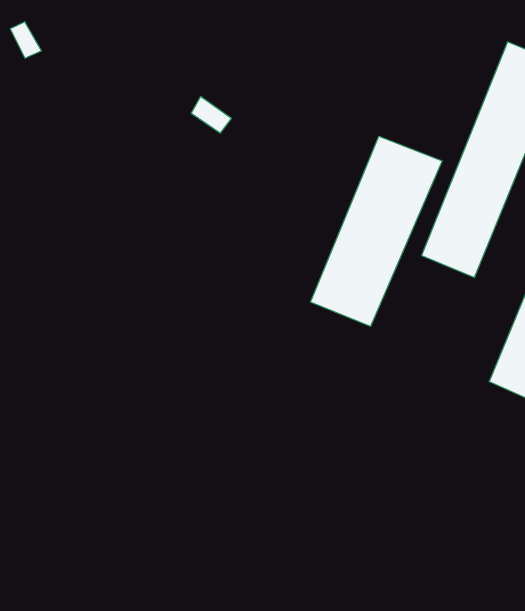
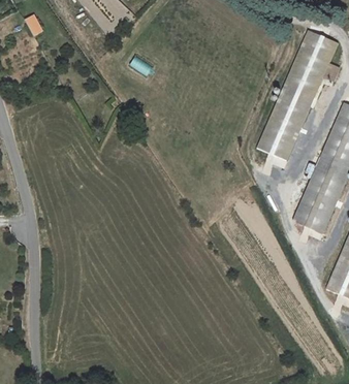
building: [310,136,442,326] -> none

